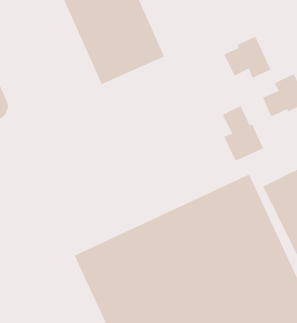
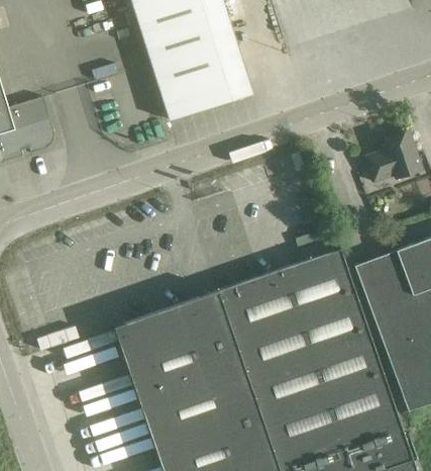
building: [224,36,271,79] -> none
building: [222,105,264,161] -> none

